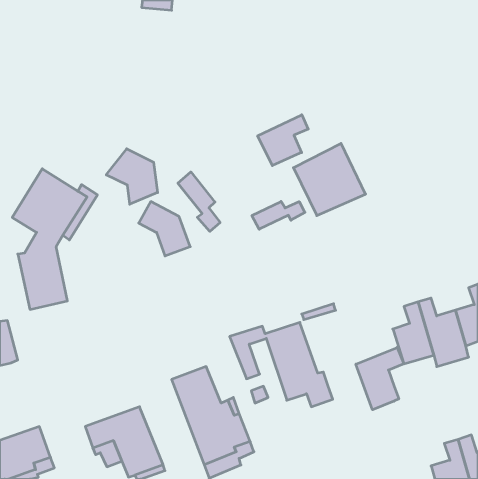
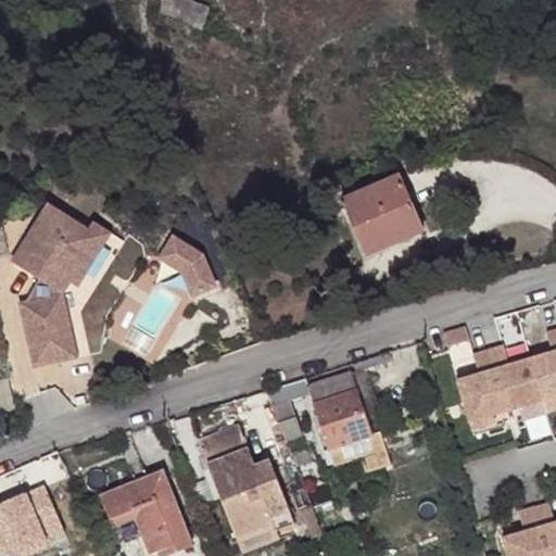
building: [258,115,308,166] -> none
building: [106,149,158,204] -> none
building: [178,172,220,231] -> none
building: [252,201,305,229] -> none
building: [356,347,404,410] -> none

